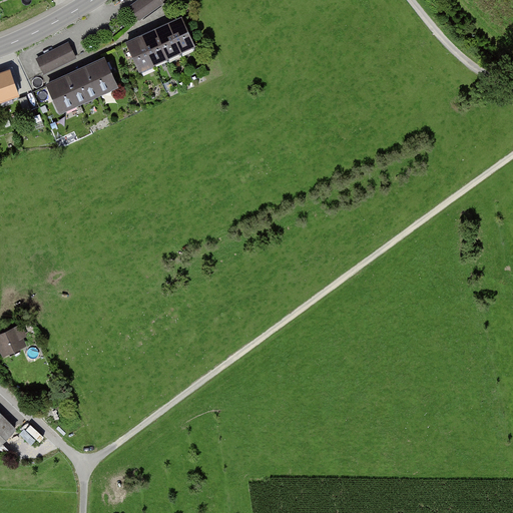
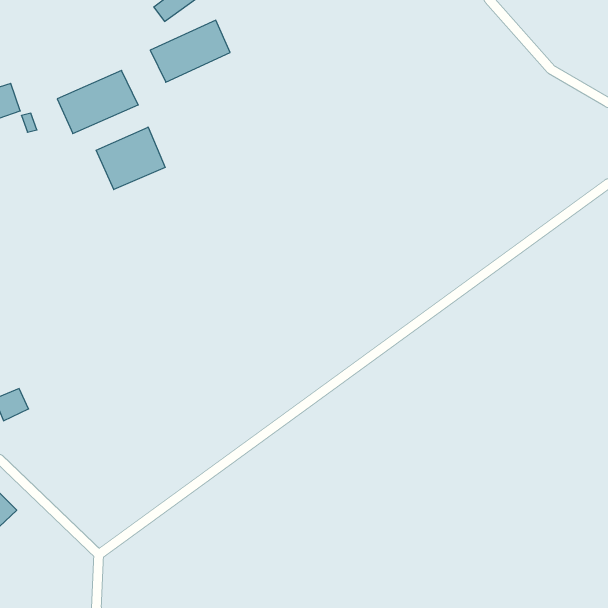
building: [37,43,75,72] -> none
building: none -> [96,127,165,190]

